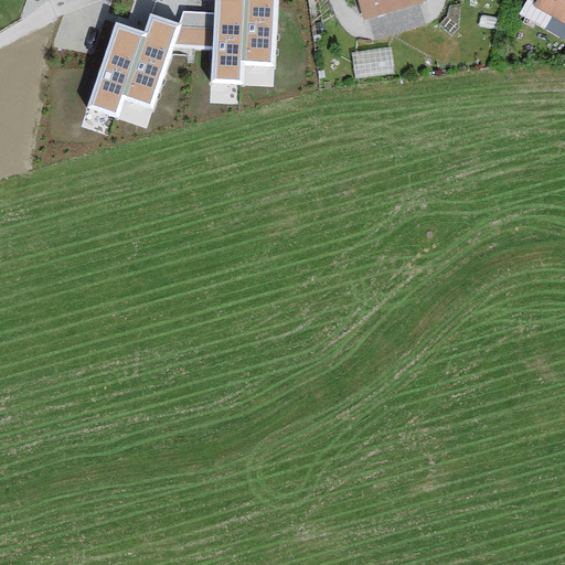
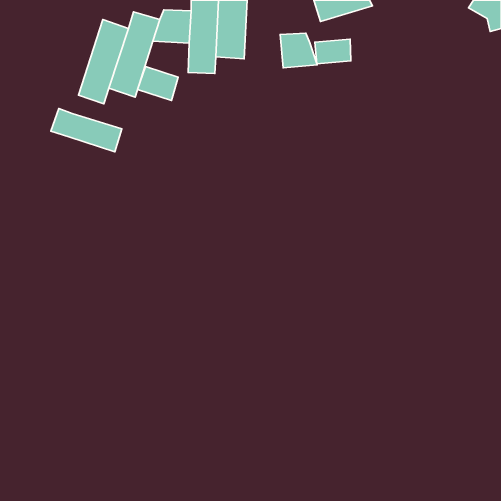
building: none -> [280,33,317,68]
building: none -> [138,66,178,101]
building: none -> [51,109,122,152]

